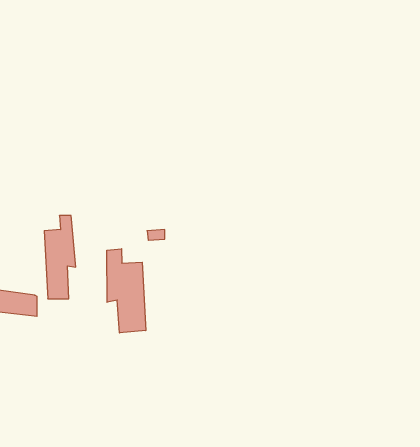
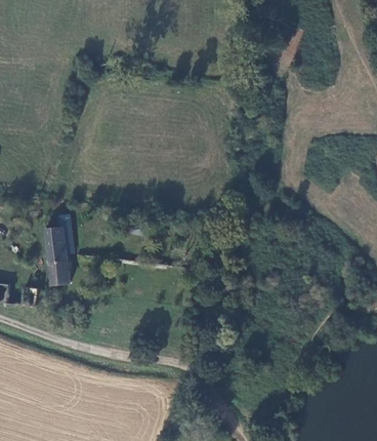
building: [107,249,146,333] -> none

